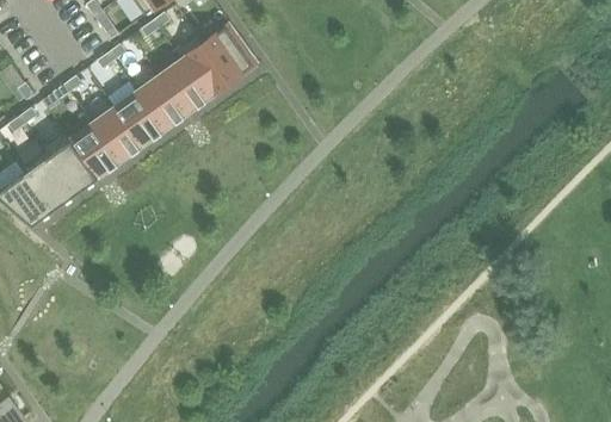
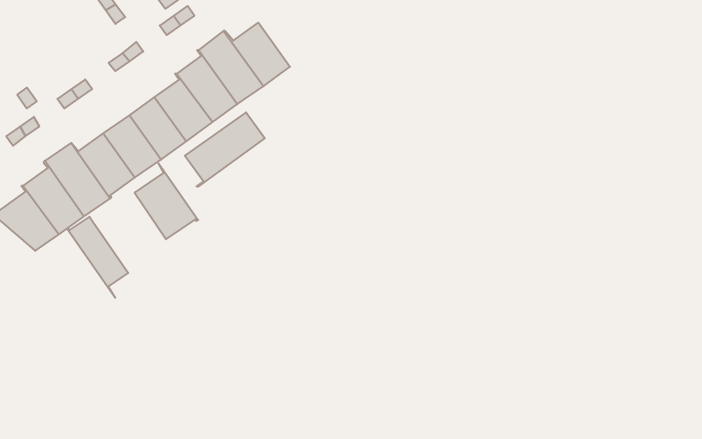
building: none -> [185,112,265,187]
building: none -> [135,163,198,239]
building: none -> [67,217,128,298]

